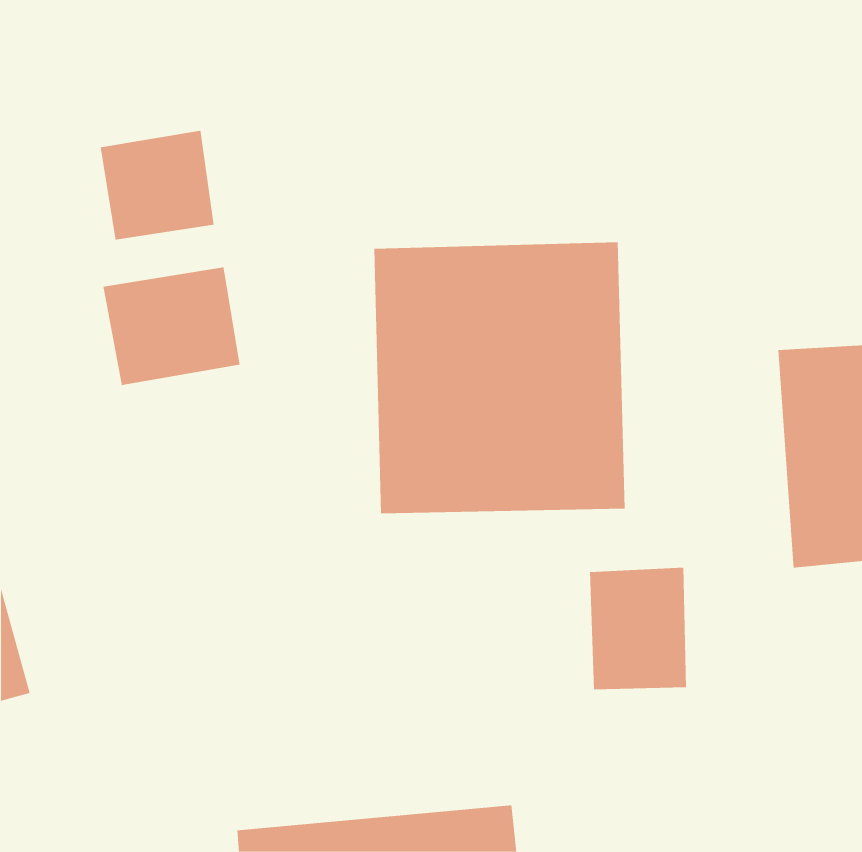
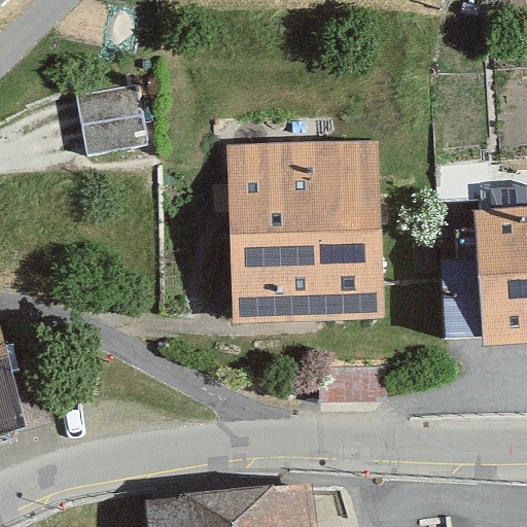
building: [103,267,240,386] -> none
building: [589,567,687,690] -> none

